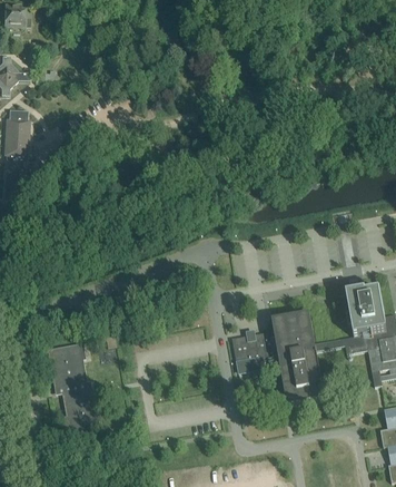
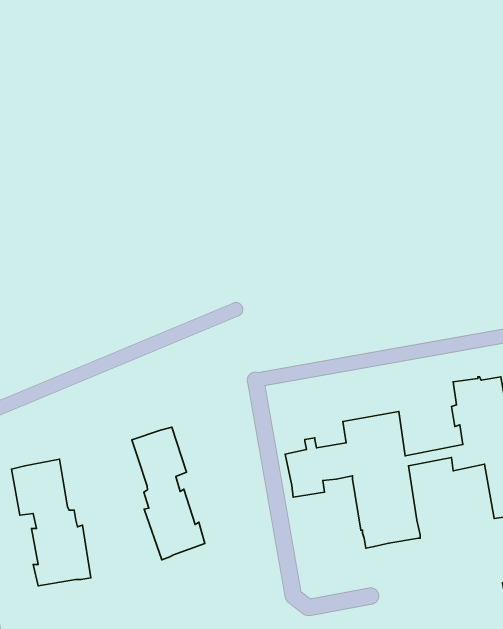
building: none -> [132,427,205,560]

